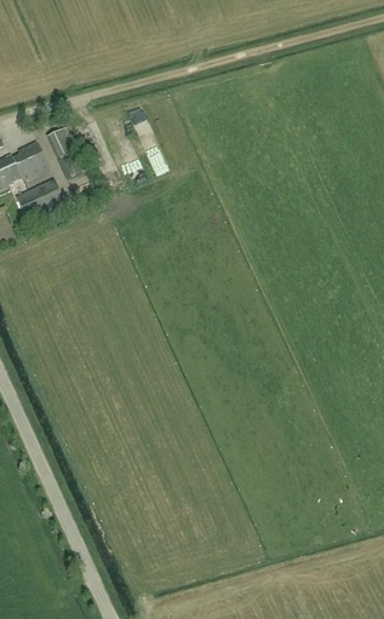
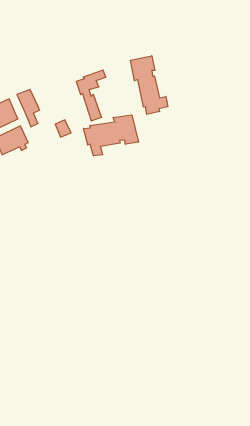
building: none -> [131,56,168,114]
building: none -> [84,115,139,156]

